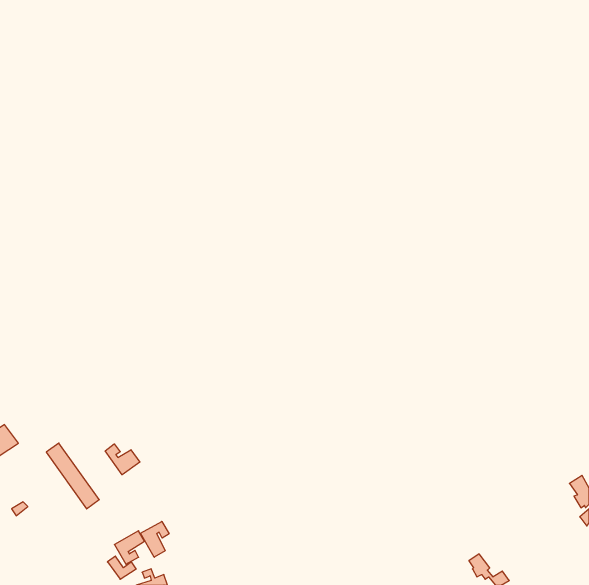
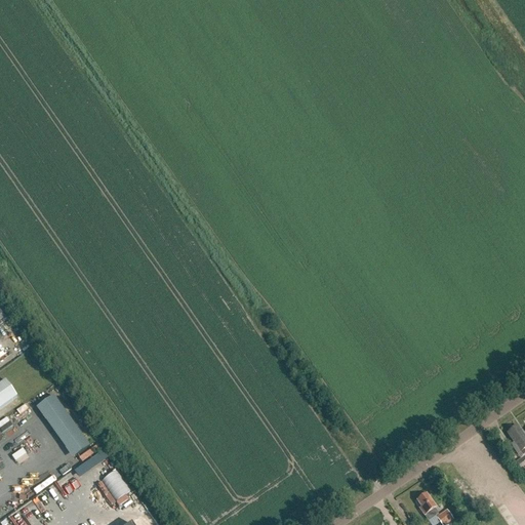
building: [105,444,140,475] -> none
building: [140,521,169,557] -> none

